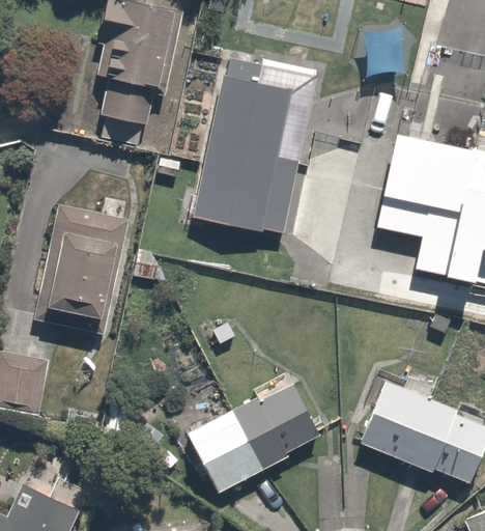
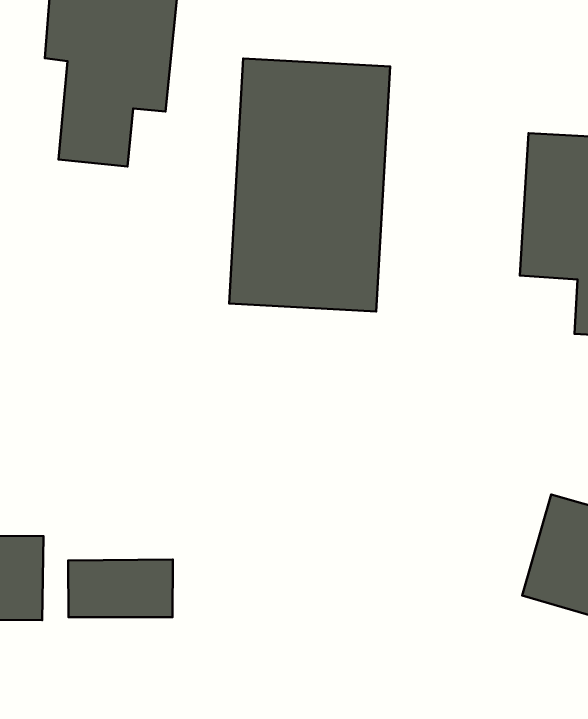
building: [45,206,125,324] -> none
building: none -> [68,560,173,617]
building: [186,379,320,491] -> none

